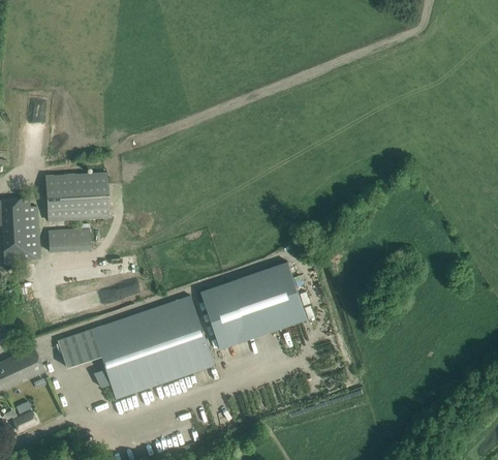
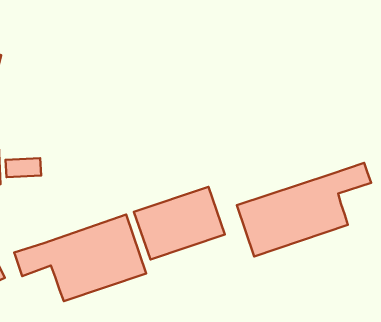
building: [45,172,110,221] -> none
building: none -> [237,163,371,256]

